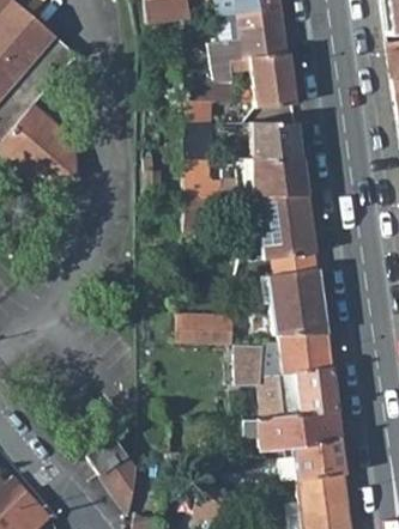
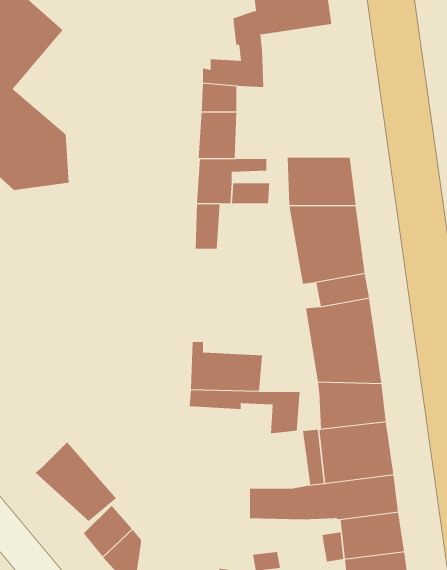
building: [232,54,296,110] -> none
building: [253,123,303,159] -> none
building: none -> [35,442,117,522]

